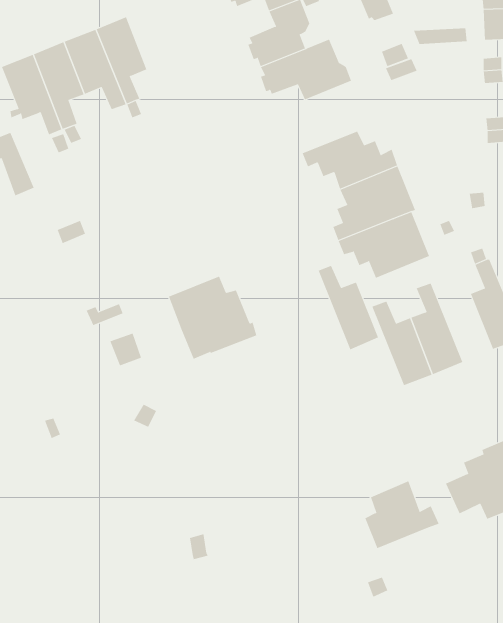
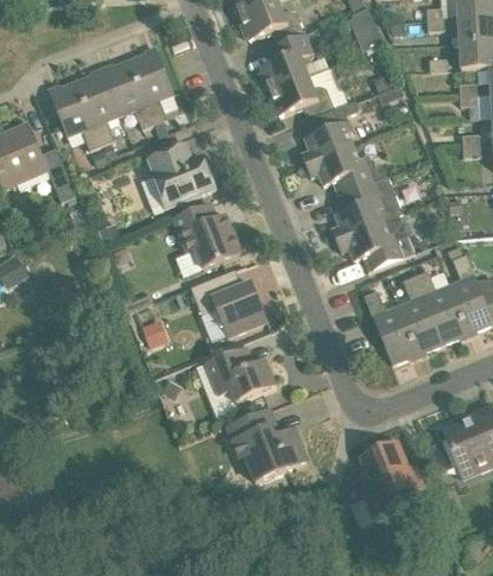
building: none -> [301,101,359,165]
building: none -> [148,143,215,207]
building: none -> [175,203,241,268]
building: [318,265,379,350] -> [416,271,468,343]
building: none -> [206,347,277,403]
building: none -> [227,409,305,481]

